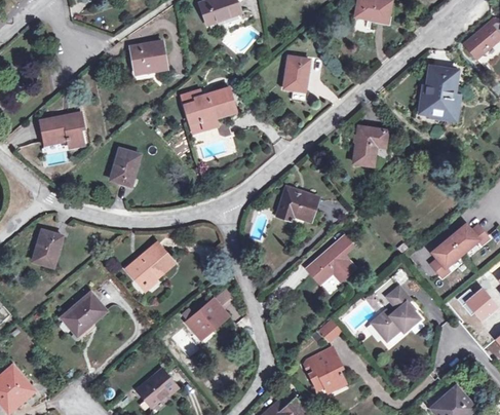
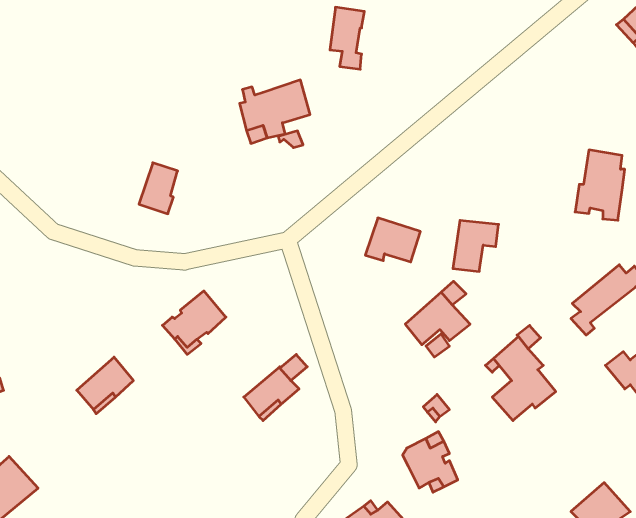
building: [130,40,166,72] -> none
building: [283,55,309,102] -> [330,7,364,69]
building: [419,65,456,117] -> [575,150,625,220]
building: [40,114,82,147] -> none
building: [353,126,387,164] -> [453,220,499,271]
building: [33,229,62,266] -> none
building: [138,369,177,406] -> none

